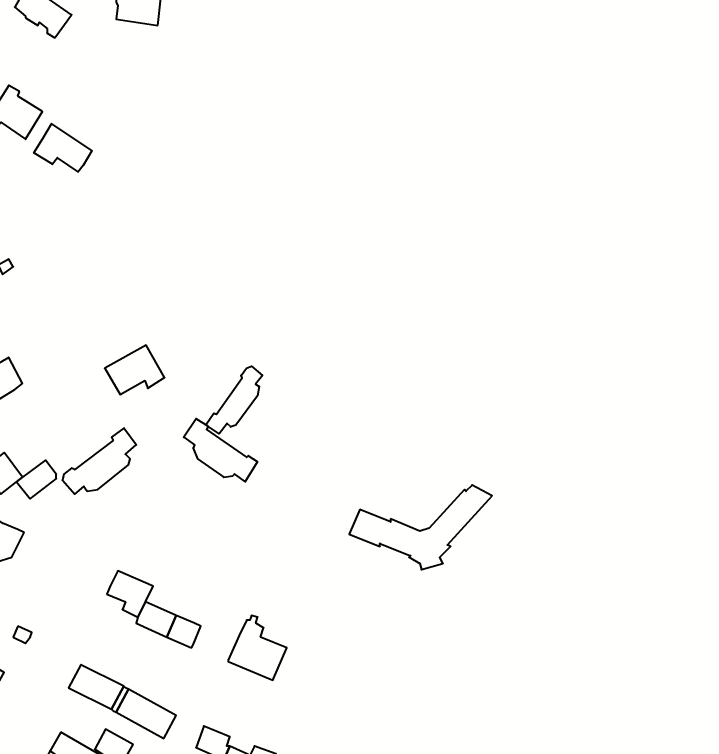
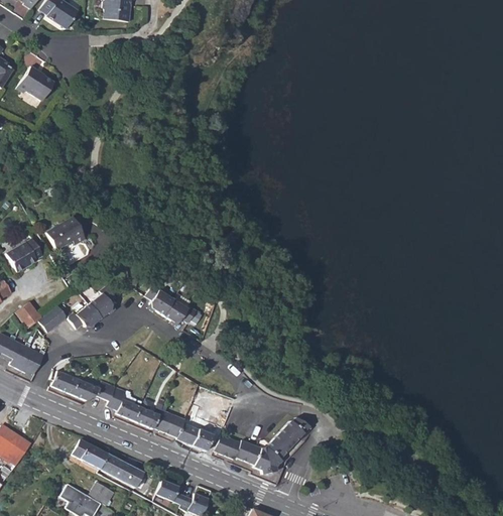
building: [34,124,92,172] -> none
building: [105,345,165,394] -> [47,218,87,250]
building: [206,366,262,434] -> none
building: [349,485,492,570] -> [214,418,307,474]
building: none -> [51,371,99,400]
building: none -> [153,409,184,437]

